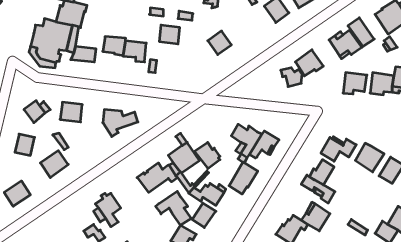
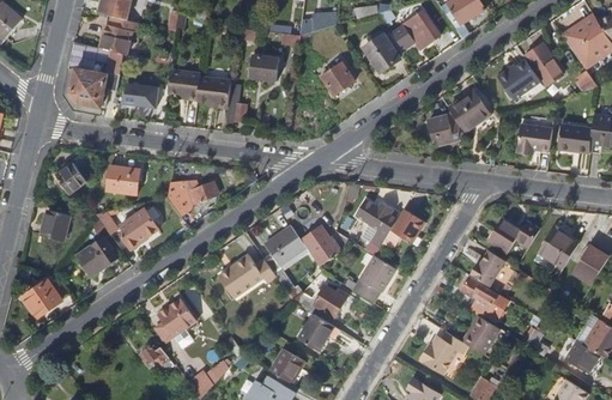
building: none -> [363,34,404,72]
building: none -> [120,210,158,249]
building: [156,191,191,225] -> none

